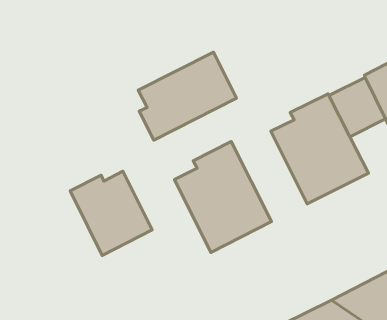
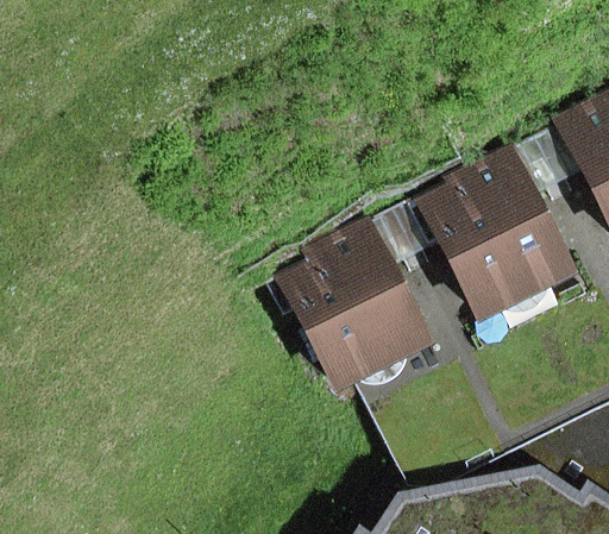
building: [138,52,237,140] -> none
building: [70,171,152,255] -> none

